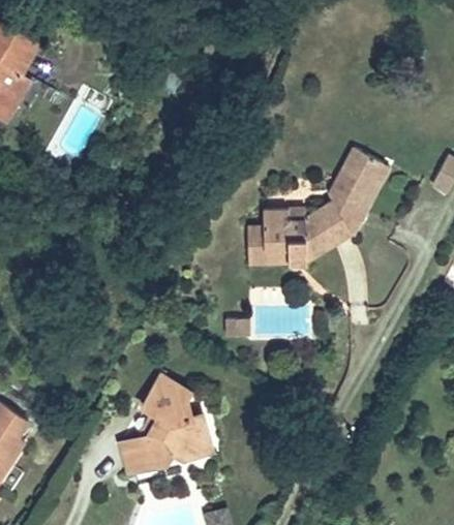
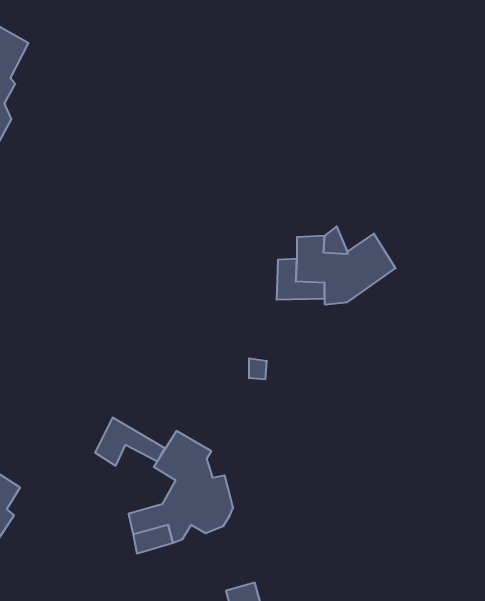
building: [331,150,384,216] -> none
building: none -> [95,417,165,466]

